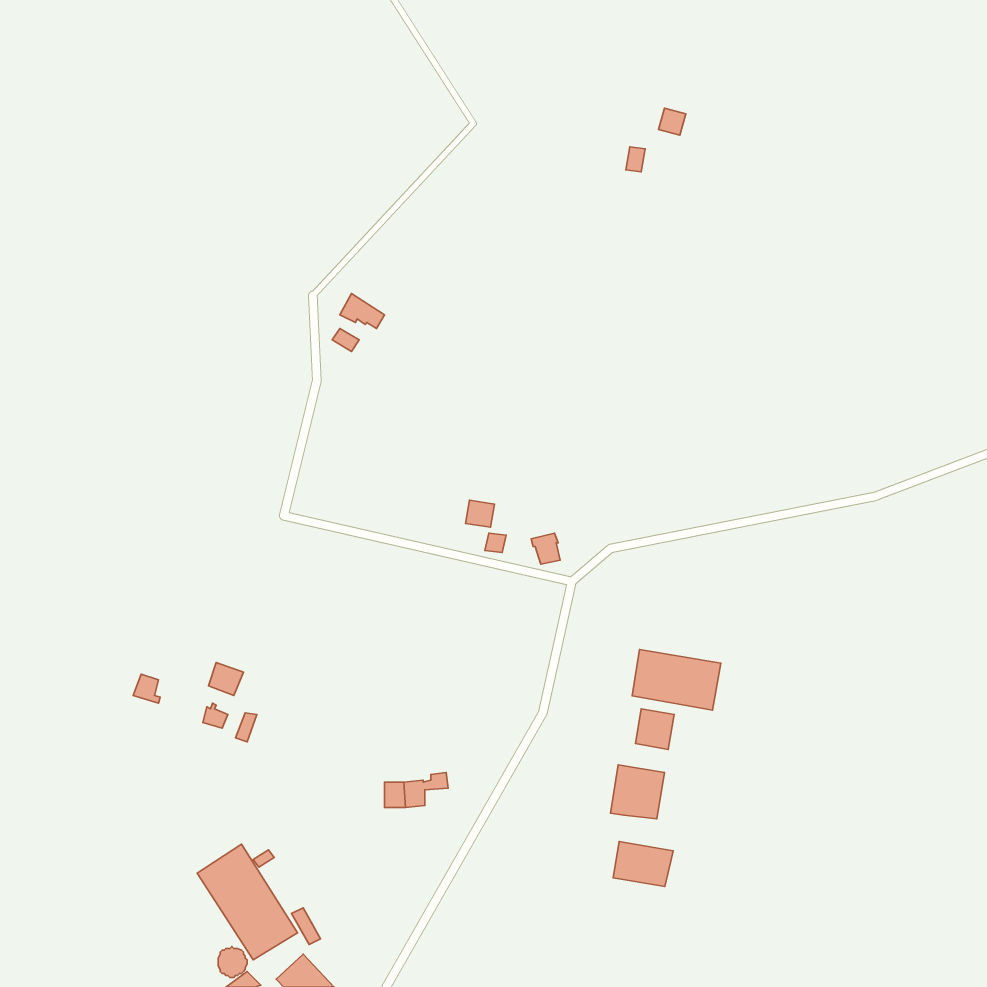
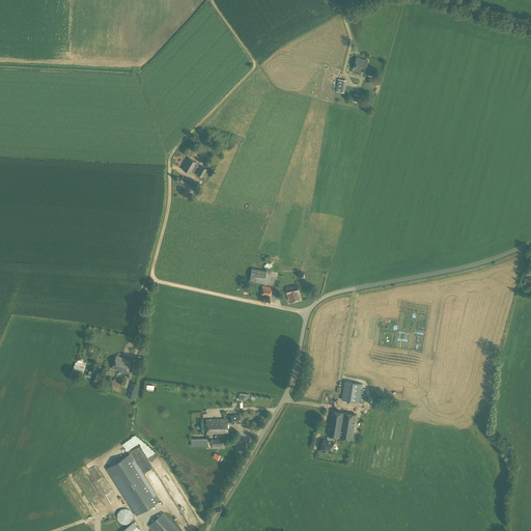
building: [632,650,721,710] -> none
building: [613,841,673,887] -> none

